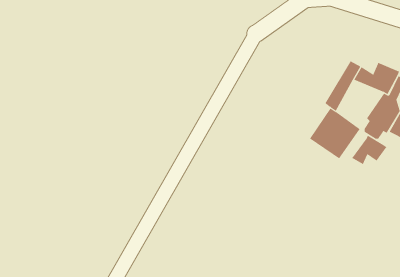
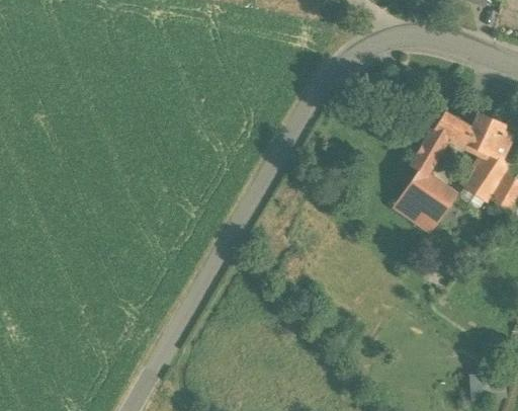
building: [352,135,387,165] -> none

